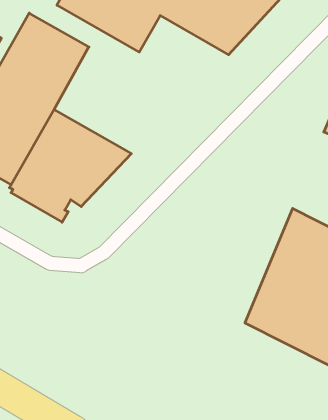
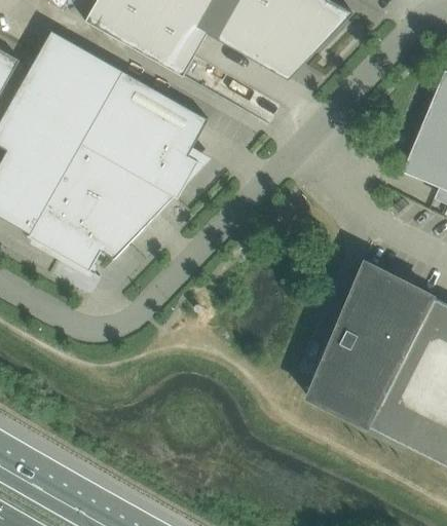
building: none -> [81,70,211,198]

